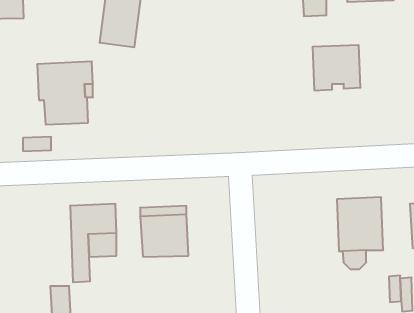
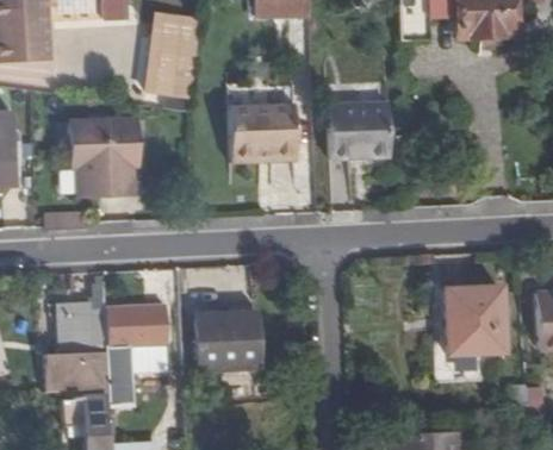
building: [312,45,361,90] -> [328,102,389,160]
building: none -> [226,104,296,162]
building: none -> [44,301,110,393]

